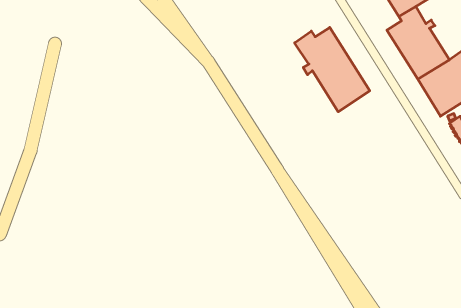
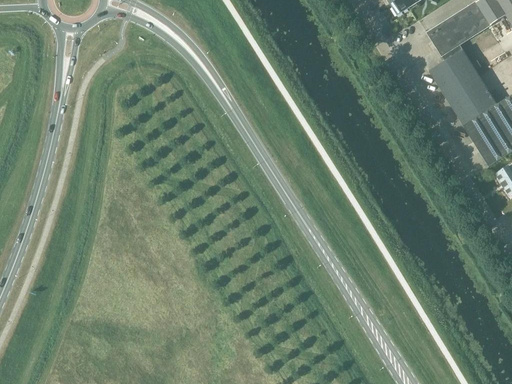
building: [295,27,370,112] -> none

